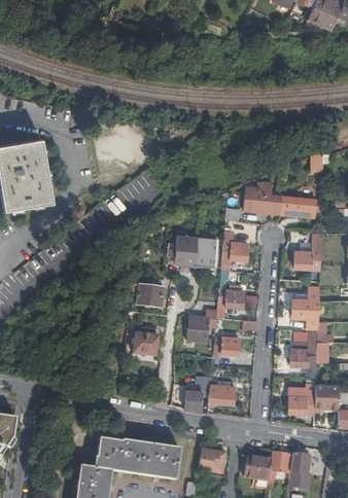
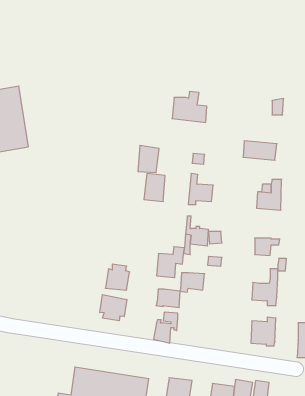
building: [244,181,281,214] -> [172,92,207,122]
building: [195,234,217,262] -> [138,145,159,172]
building: [132,285,164,308] -> none
building: none -> [100,295,127,321]
building: [314,385,339,412] -> none
building: [208,386,234,405] -> [156,289,180,308]

